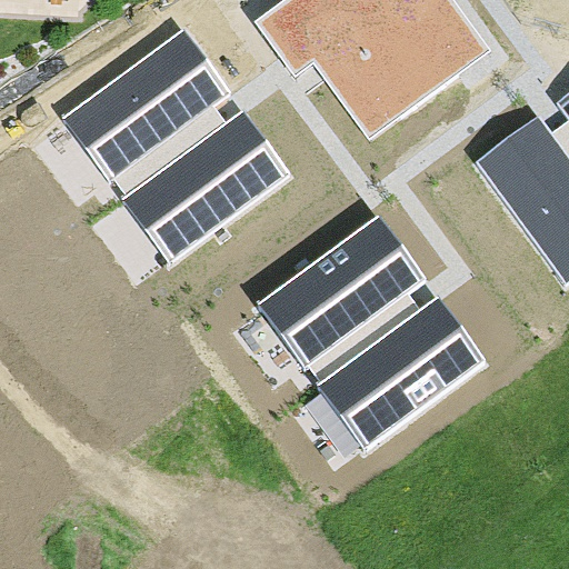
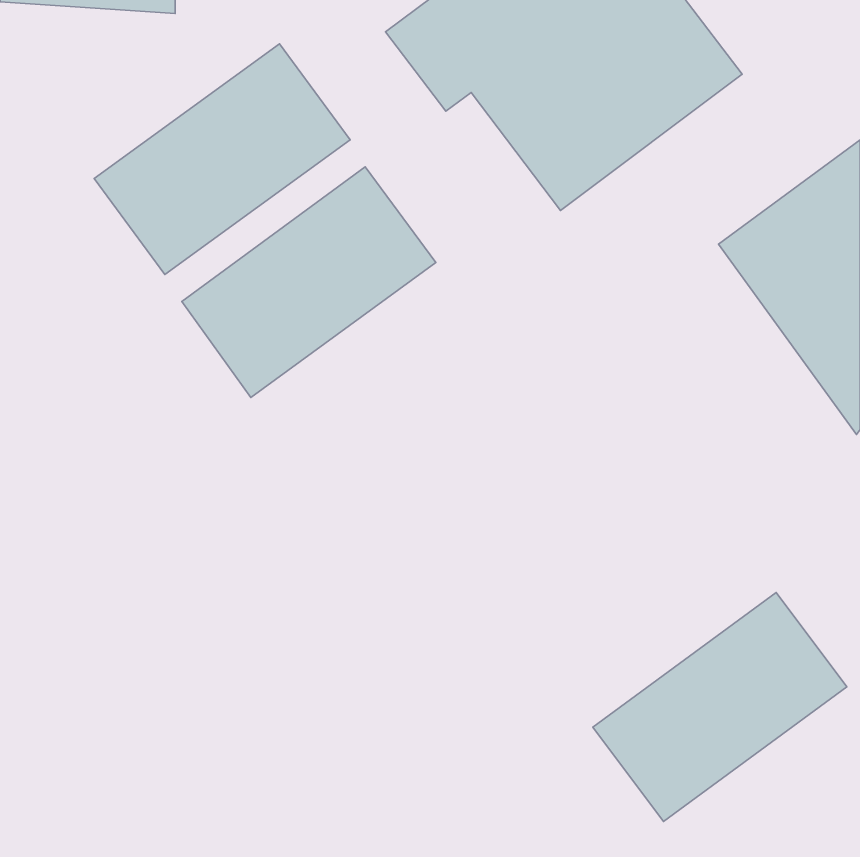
building: [256,214,423,367] -> none
building: [316,298,483,449] -> [593,593,847,822]

